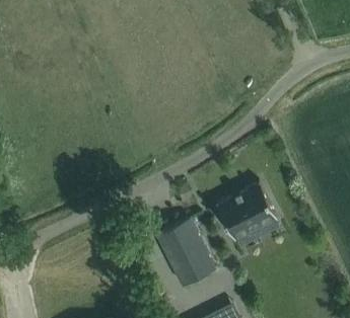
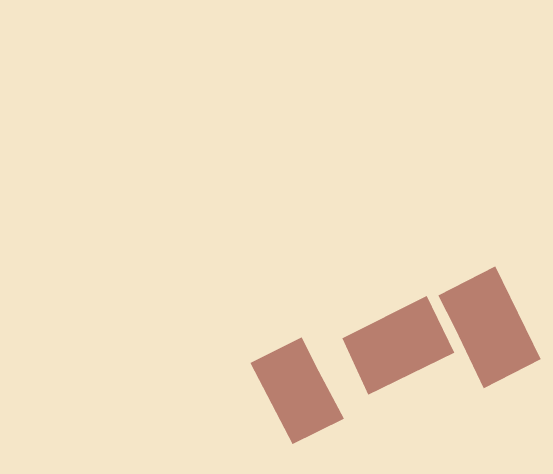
building: none -> [438,266,542,389]

